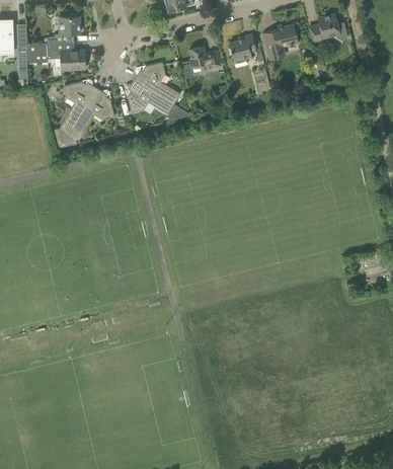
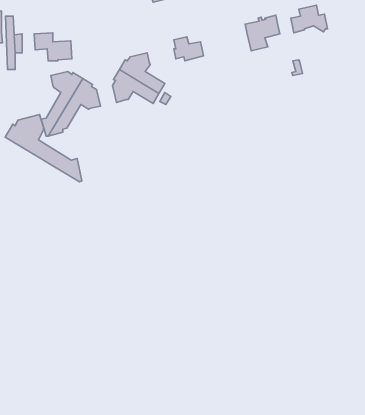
building: [47,13,79,43] -> none
building: [229,33,256,67] -> none
building: none -> [5,115,82,182]

